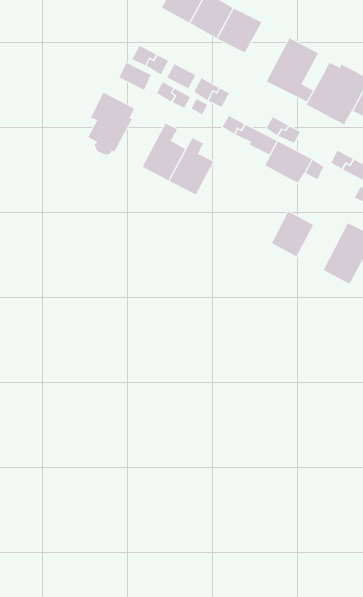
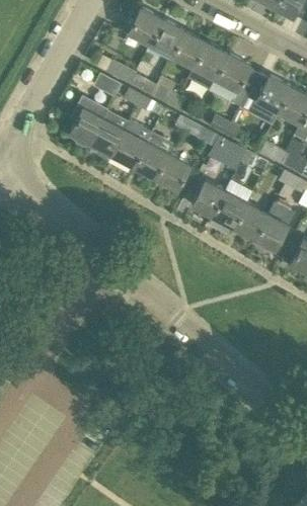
building: none -> [188,43,229,89]
building: none -> [92,111,132,159]
building: none -> [156,152,191,189]
building: none -> [194,179,228,216]
building: none -> [235,201,268,237]

